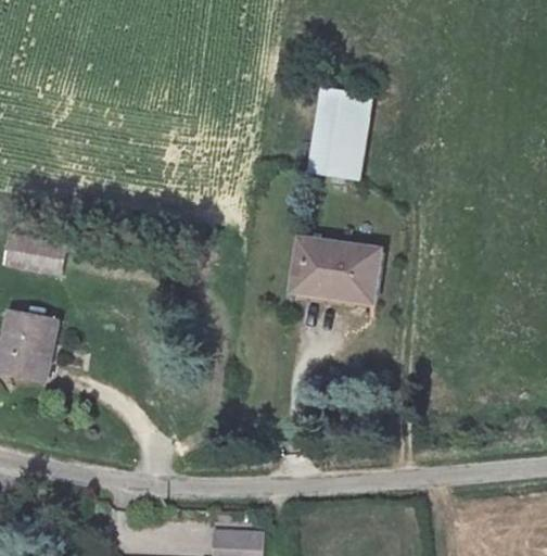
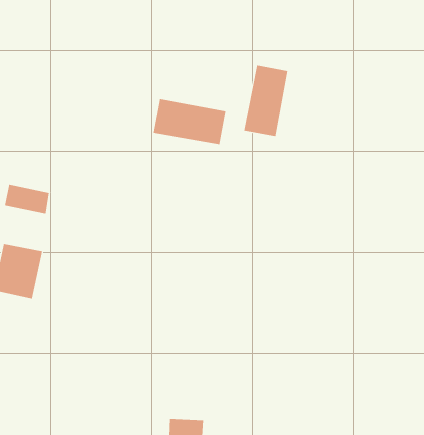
building: none -> [153,98,226,145]
building: [289,237,382,303] -> none

